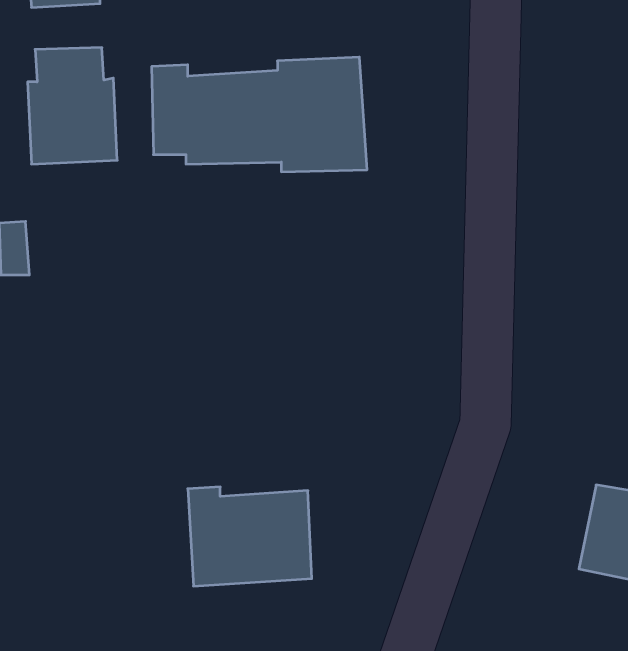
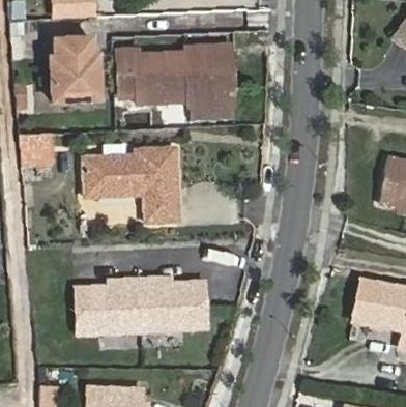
building: none -> [84,154,179,222]
building: none -> [74,279,141,335]

